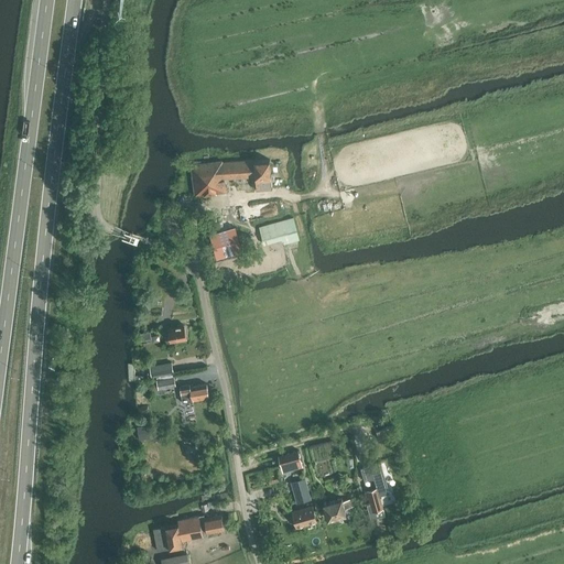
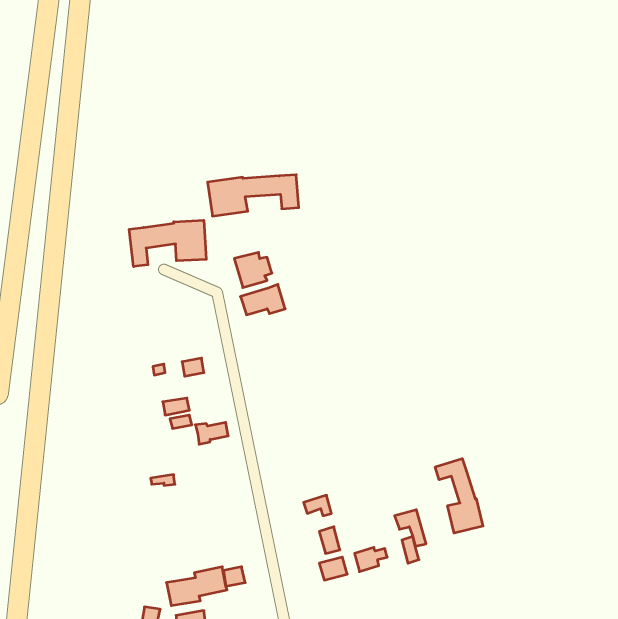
building: none -> [129,220,206,267]
building: [257,218,297,246] -> [240,284,285,315]
building: none -> [435,459,483,533]

